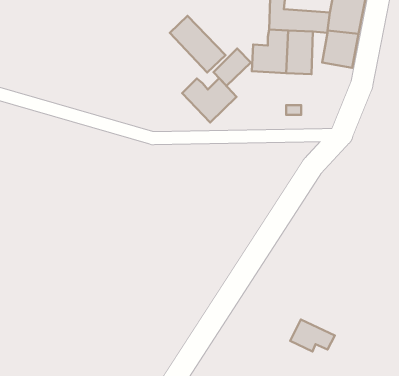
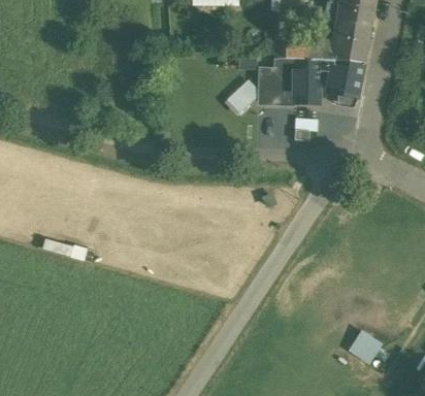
building: [170,16,225,73] -> none
building: [182,78,236,122] -> none
building: [290,320,335,351] -> [349,332,392,363]

